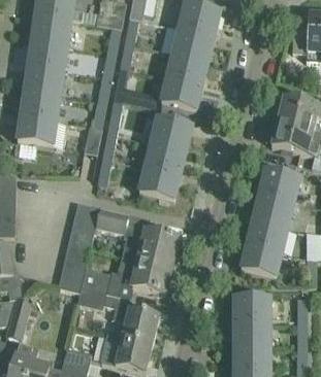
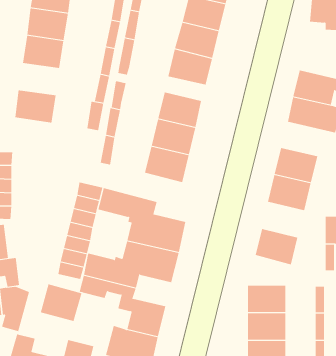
building: [21,89,60,118] -> none
building: [248,217,288,250] -> none
building: none -> [40,284,82,322]

